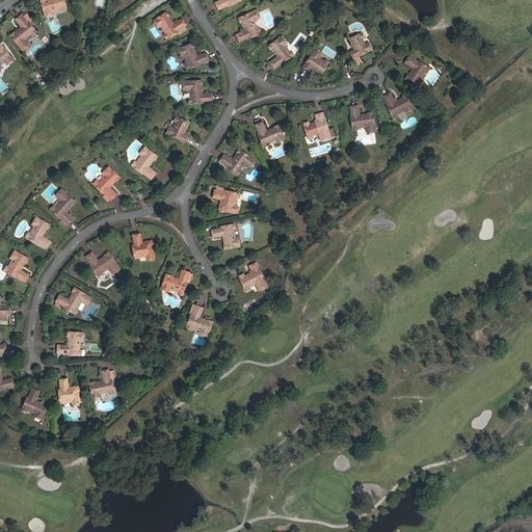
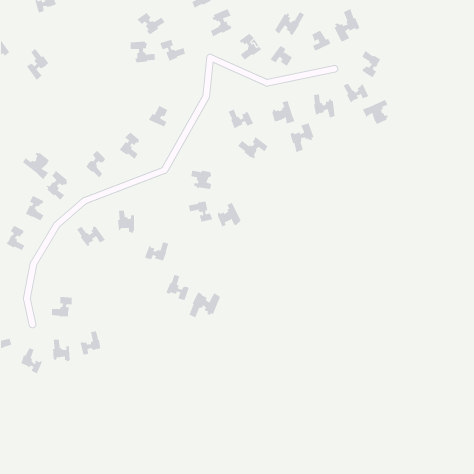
building: none -> [334,8,360,42]
building: none -> [274,11,305,36]
building: [9,12,35,49] -> [26,48,49,80]
building: [184,80,213,104] -> [130,41,156,63]
building: none -> [362,99,388,125]
building: none -> [290,122,314,153]
building: [219,149,255,174] -> [237,136,269,159]
building: none -> [22,152,50,180]
building: [240,263,267,291] -> [217,202,241,227]
building: [56,288,90,313] -> none
building: none -> [189,292,221,318]

